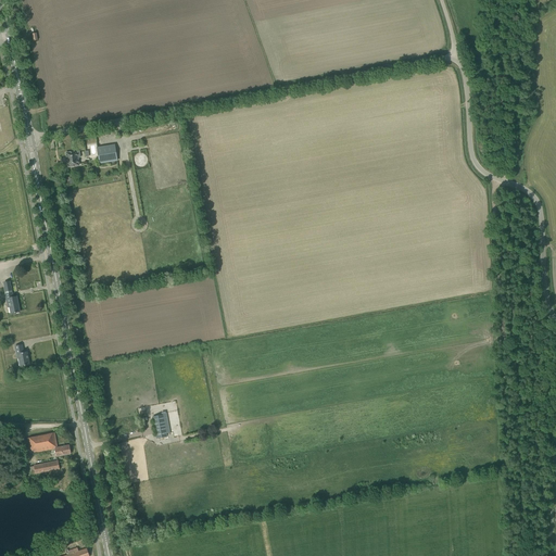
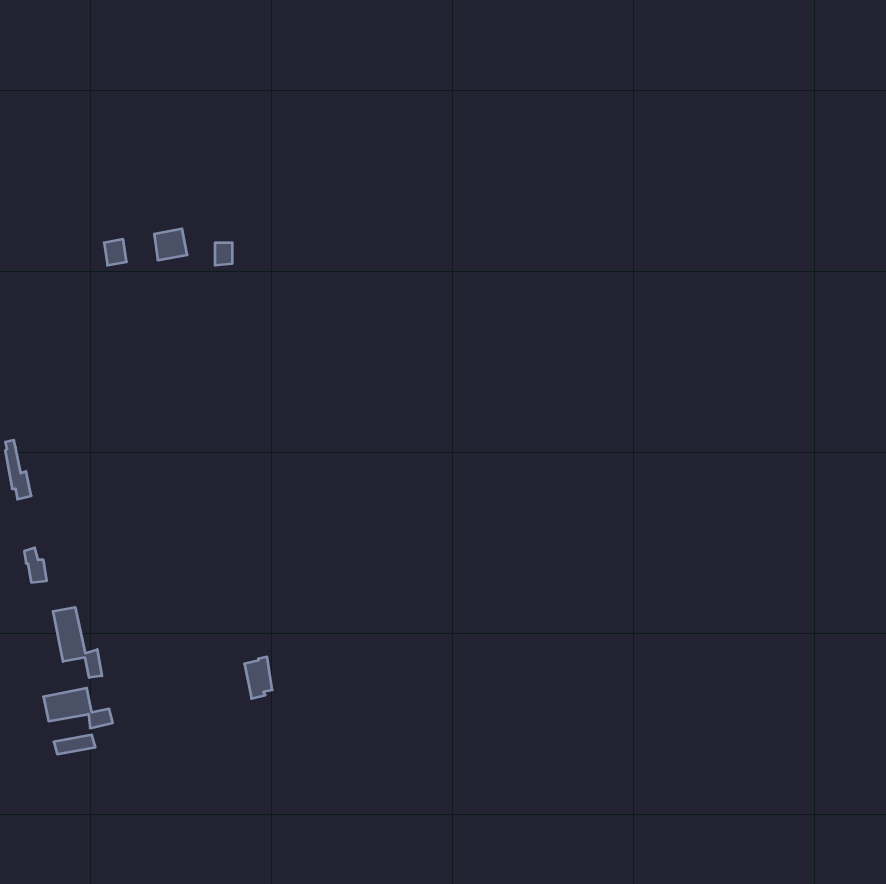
building: none -> [53,607,102,678]

